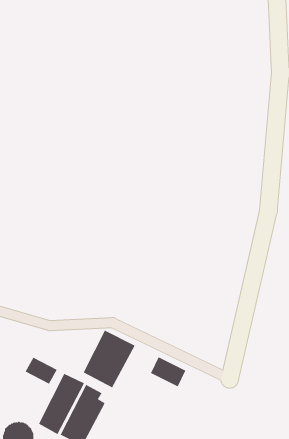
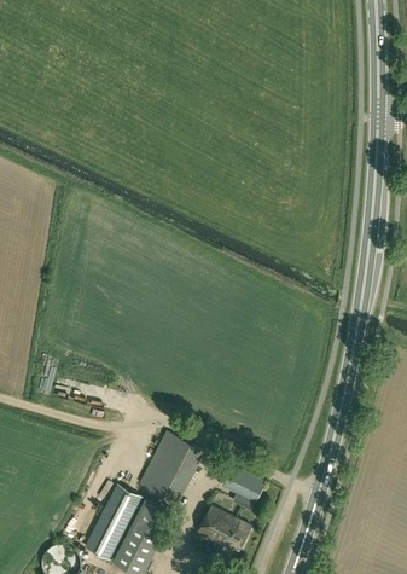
building: [25,357,58,385] -> none
building: none -> [198,506,251,552]

